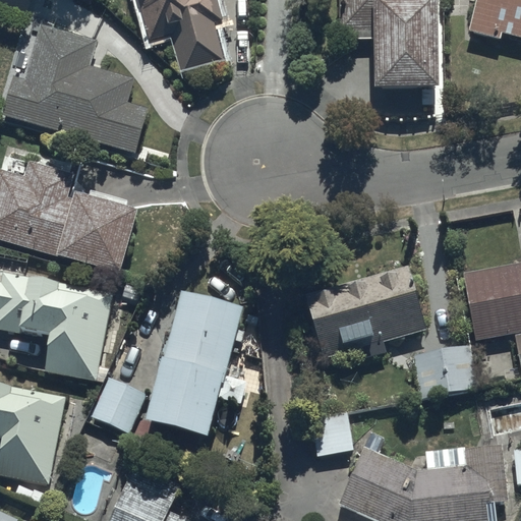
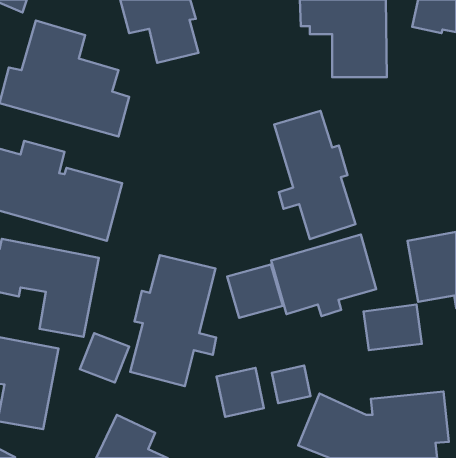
building: none -> [274,111,355,239]
building: none -> [227,265,283,318]
building: none -> [217,368,264,417]

